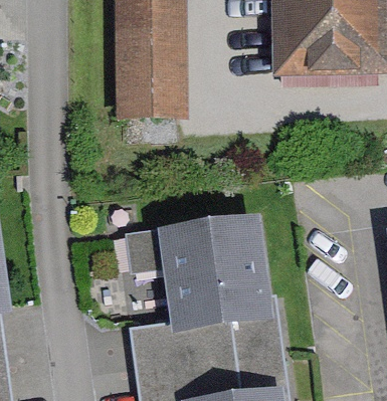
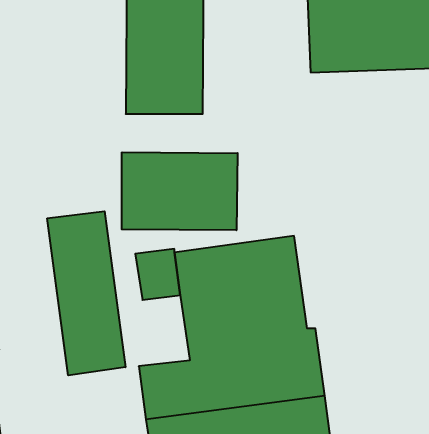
building: none -> [122,152,238,230]
building: none -> [47,211,125,375]

